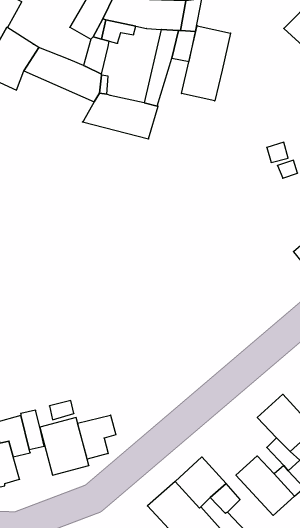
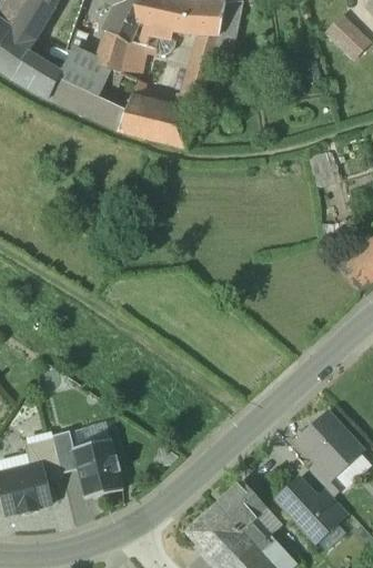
building: [182,26,231,101] -> none
building: none -> [102,30,125,70]
building: none -> [48,75,129,128]
building: [78,415,116,459] -> none

